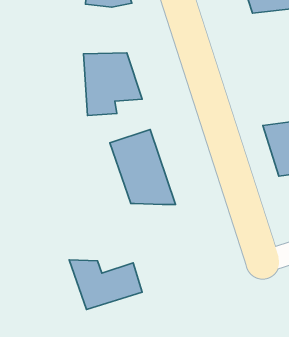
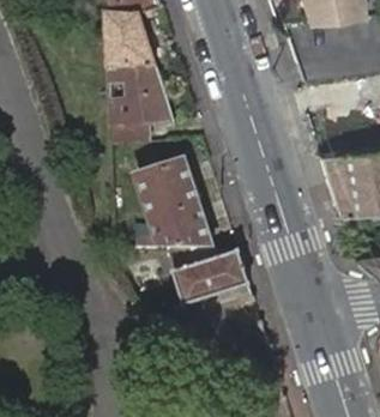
building: none -> [102,13,158,72]
building: [69,260,142,310] -> [167,249,253,308]

